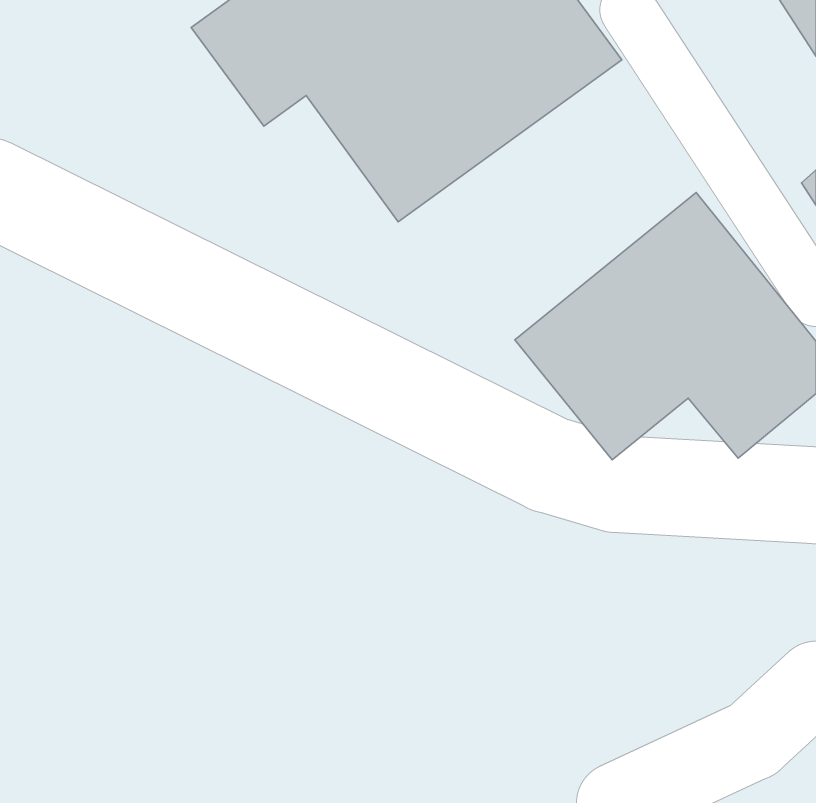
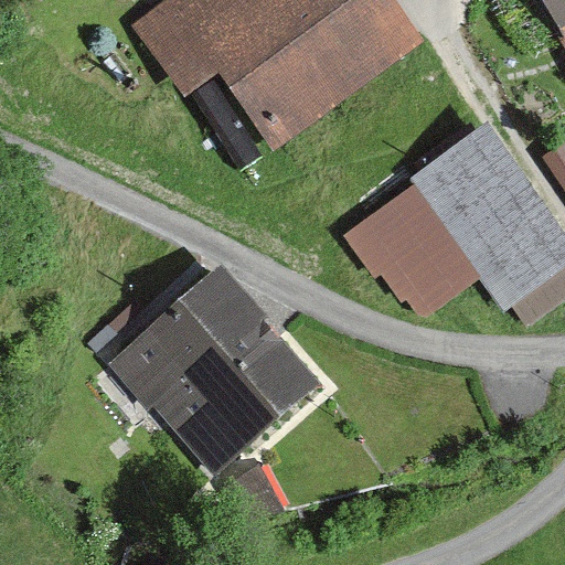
building: none -> [113,266,319,472]

